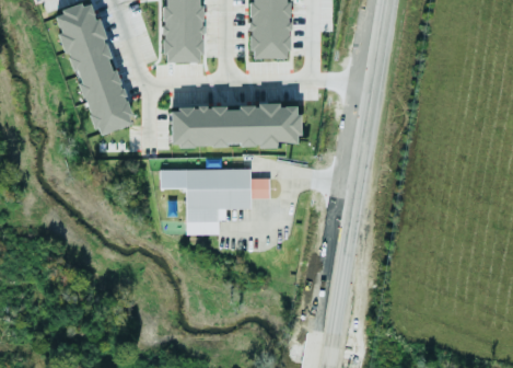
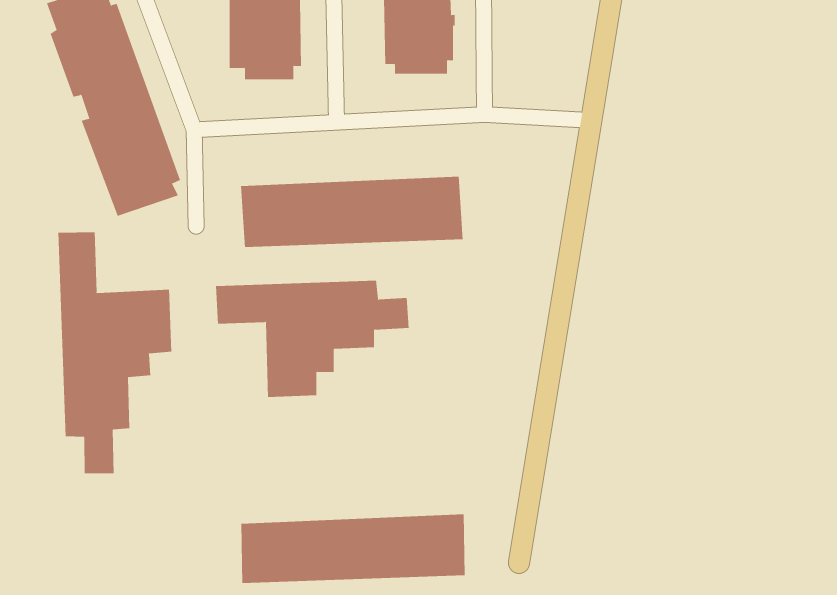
building: none -> [58,231,172,474]
building: none -> [241,513,465,584]

